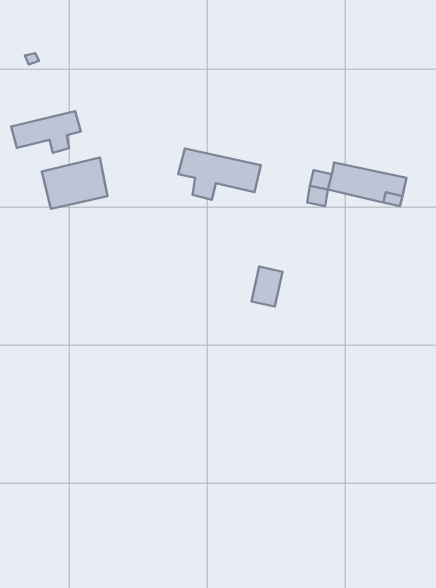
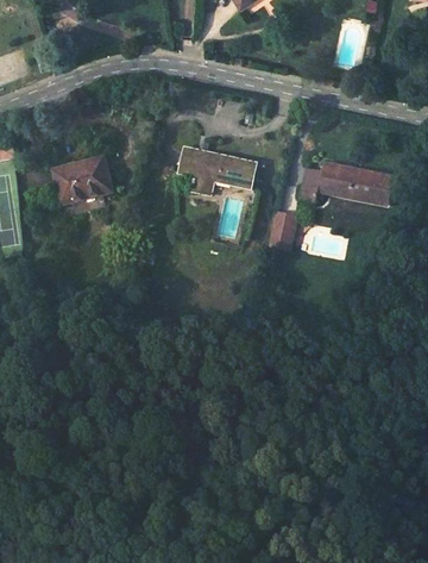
building: [11,111,81,153] -> none
building: [251,267,282,307] -> [266,212,295,249]

